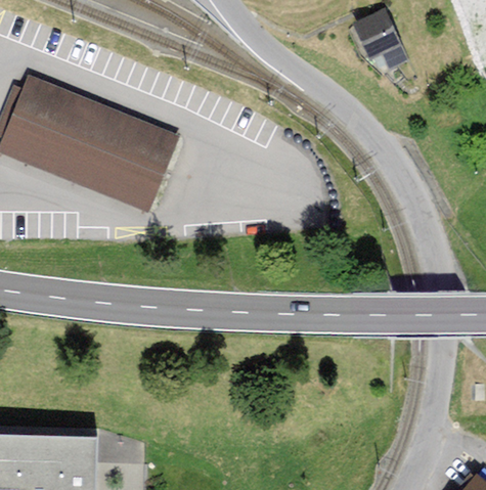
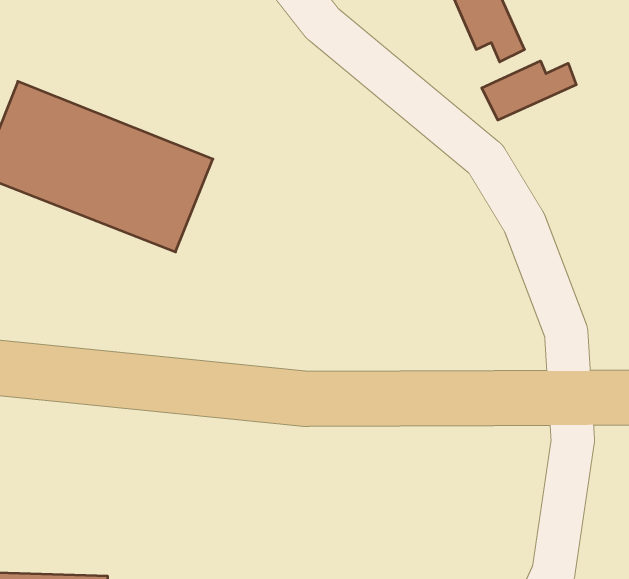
building: none -> [482,61,576,120]

